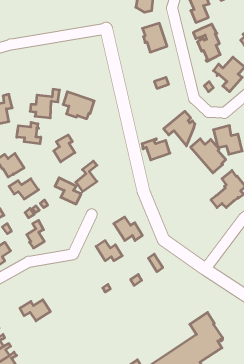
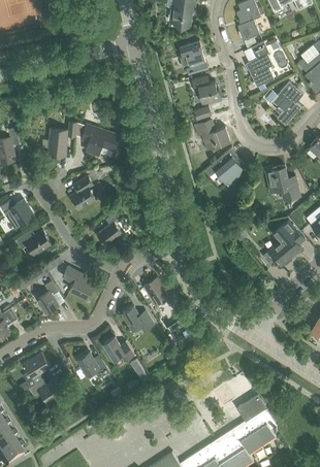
building: none -> [191,76,221,103]
building: [17,122,41,144] -> none
building: [191,139,226,173] -> none
building: [142,139,170,160] -> [196,124,230,149]
building: [55,178,81,204] -> [62,266,94,298]
building: none -> [103,336,134,361]
building: none -> [76,352,109,378]
building: none -> [19,353,51,393]

